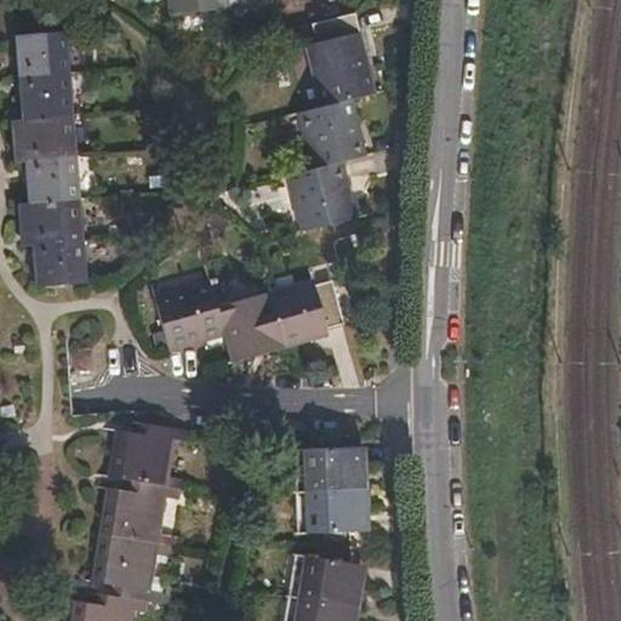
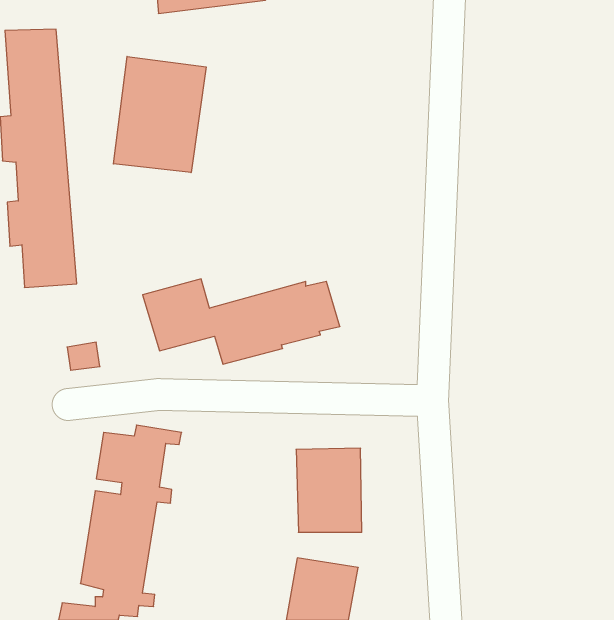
building: [290,13,378,230] -> none
building: none -> [113,56,206,173]

